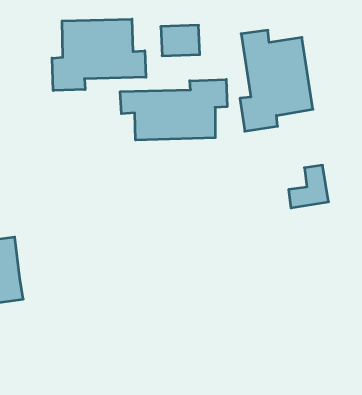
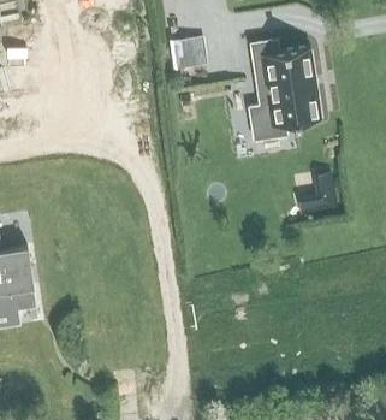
building: [52,19,146,91] -> none
building: [120,79,227,140] -> none

